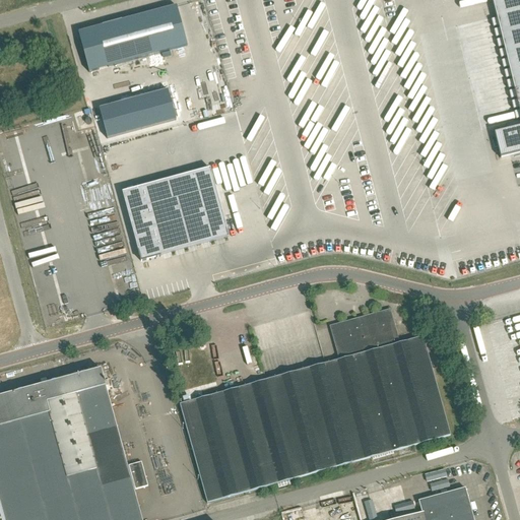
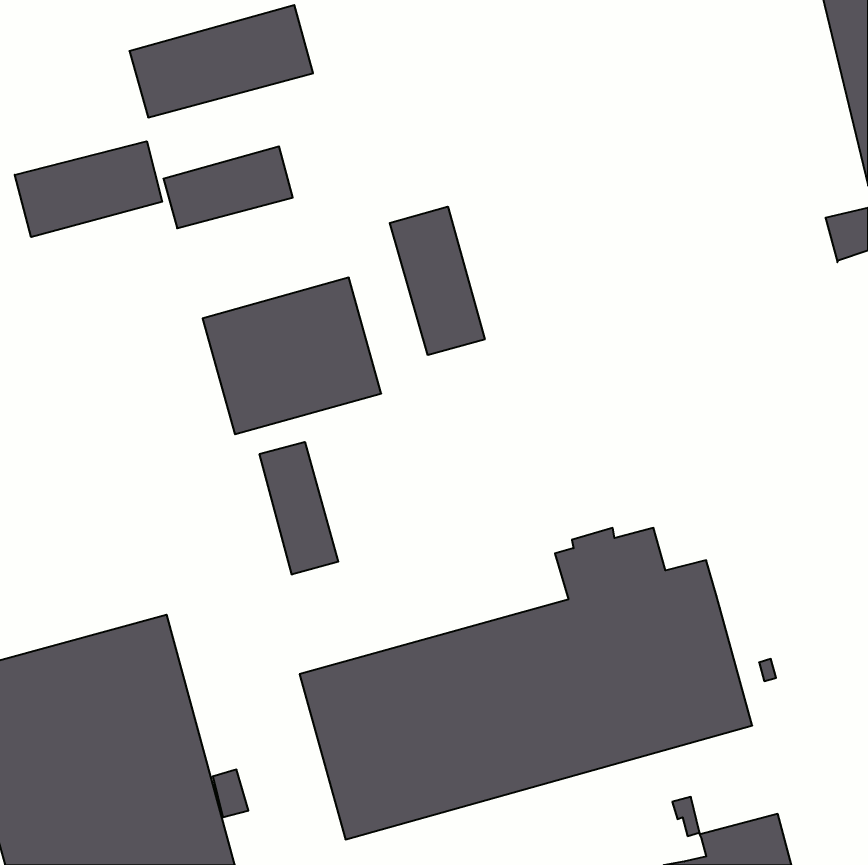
building: none -> [15,141,162,237]
building: none -> [390,207,485,355]
building: none -> [260,442,338,575]

